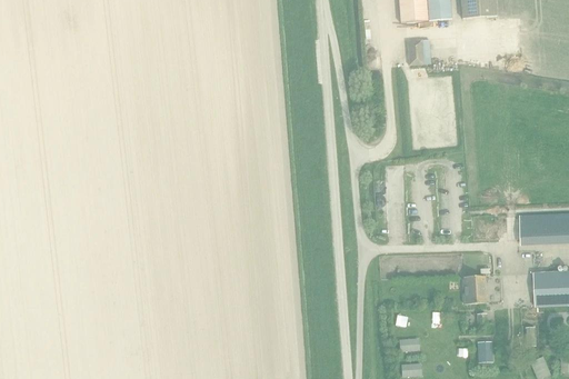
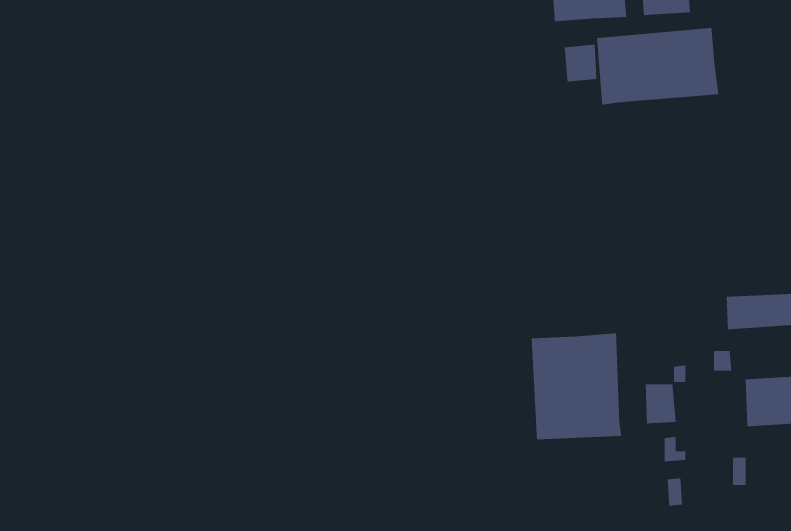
building: none -> [596,27,719,105]
building: none -> [531,333,622,440]

